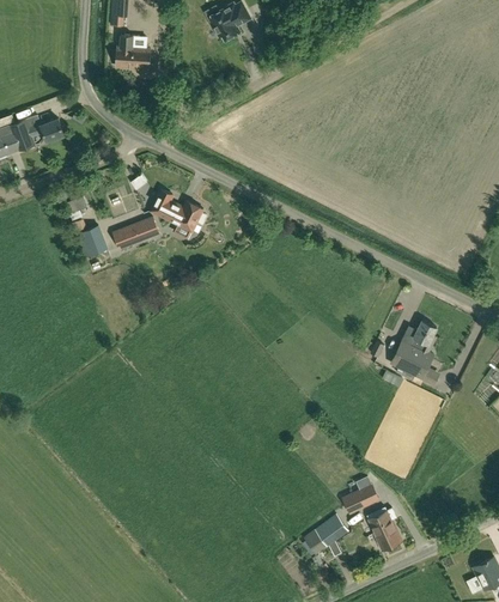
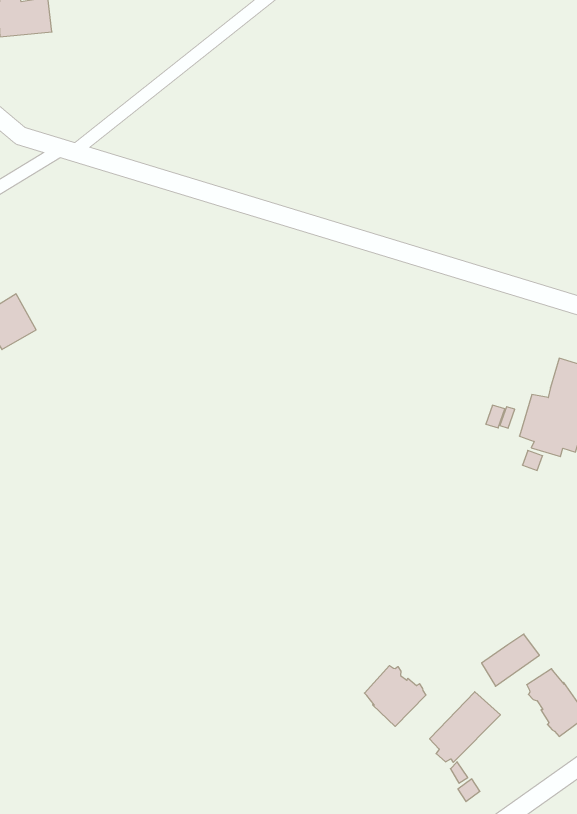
building: [150,188,206,237] -> none
building: [112,217,158,248] -> none
building: none -> [364,666,426,726]

